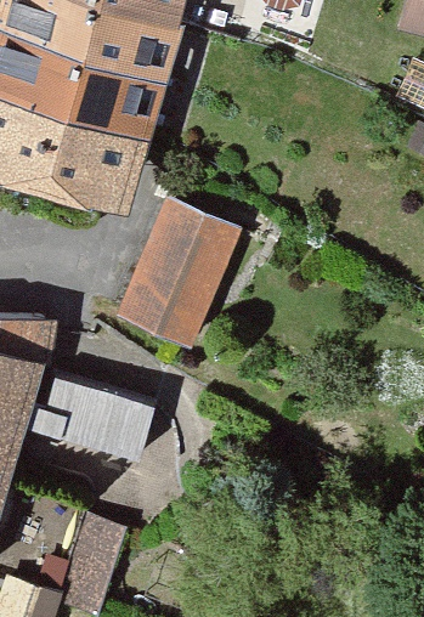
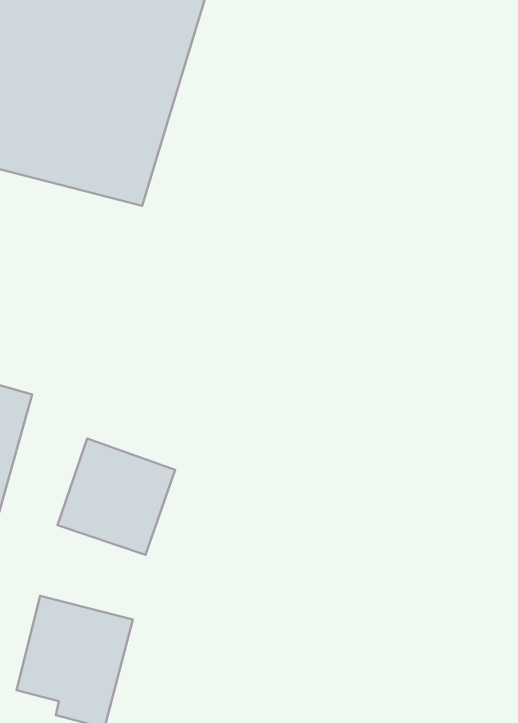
building: [117,199,234,343] -> none

